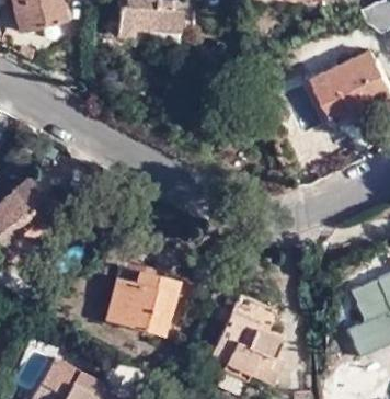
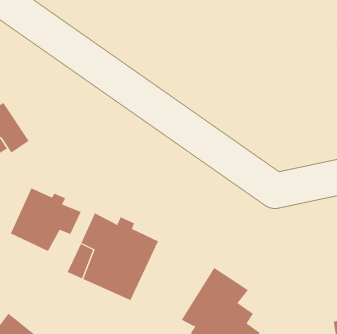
building: none -> [10,187,81,252]

